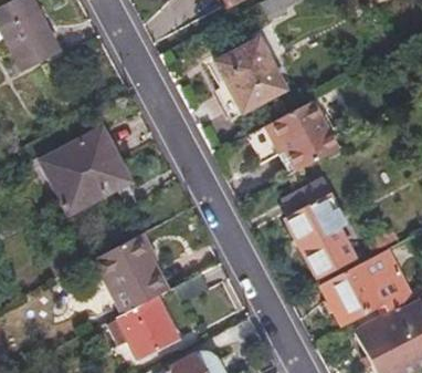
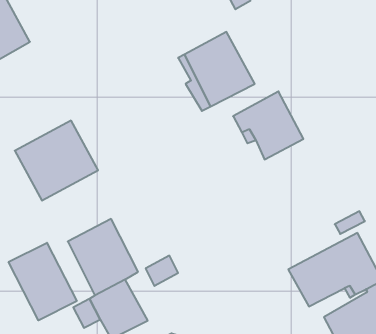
building: [283,173,354,277] -> none
building: none -> [9,243,77,320]

